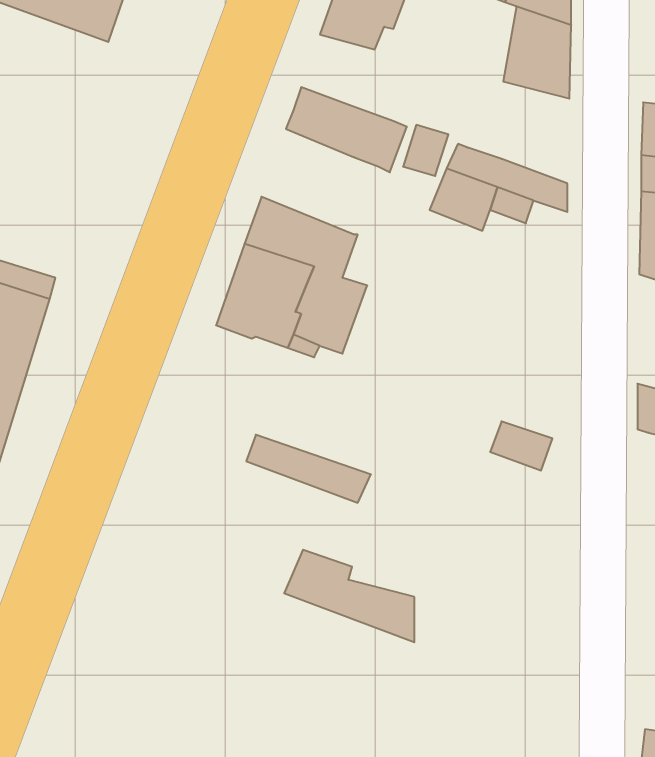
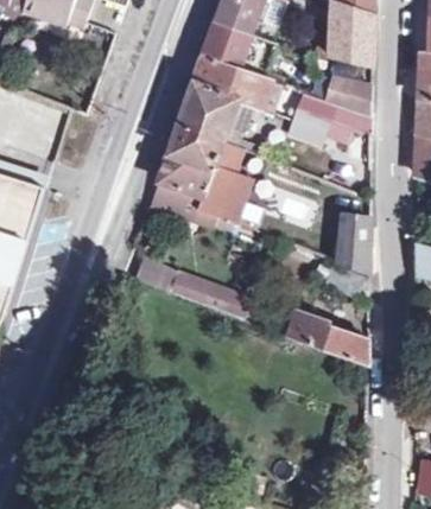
building: none -> [203,23,273,77]
building: none -> [308,74,370,116]
building: none -> [178,82,252,148]
building: none -> [334,214,367,273]
building: [284,550,414,642] -> [283,306,365,364]

